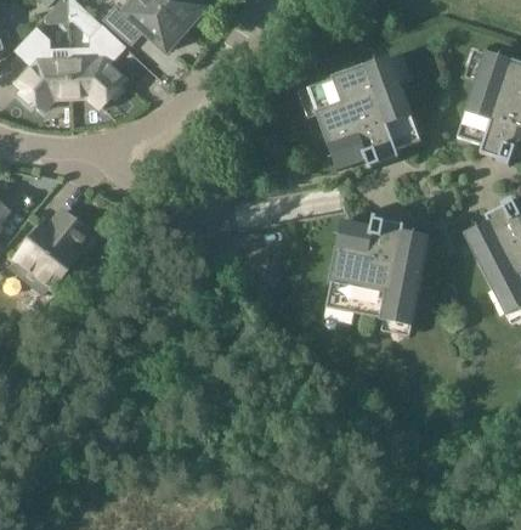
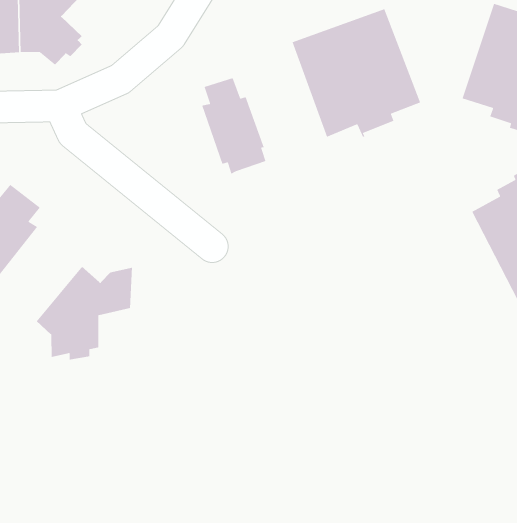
building: none -> [201,77,266,175]
building: [327,212,429,322] -> none
building: none -> [36,266,133,361]

